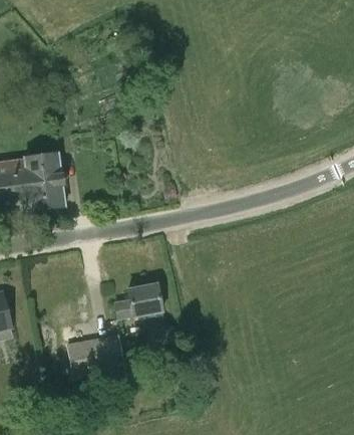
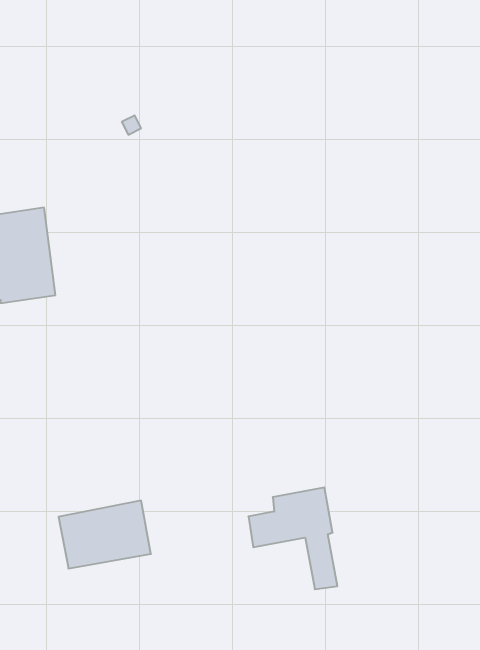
building: [113,278,168,342] -> [248,487,337,589]

